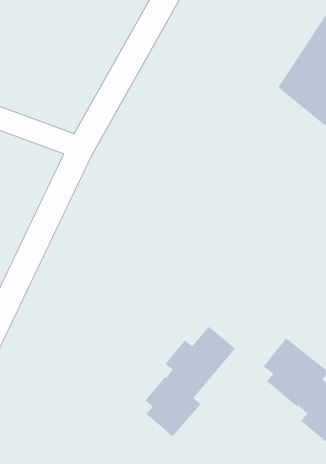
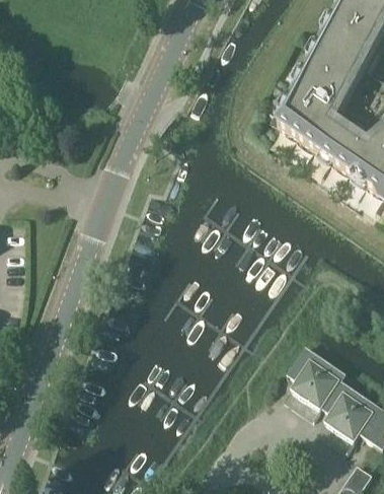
building: [145,326,236,437] -> none

